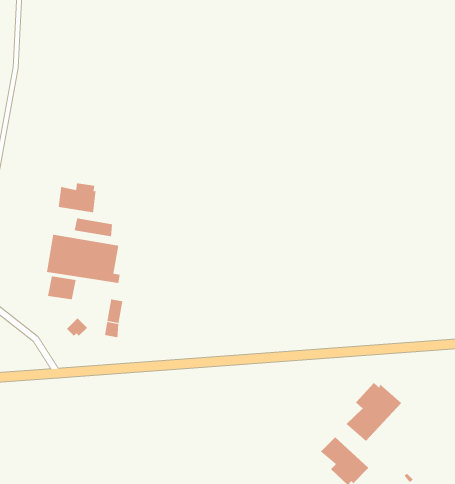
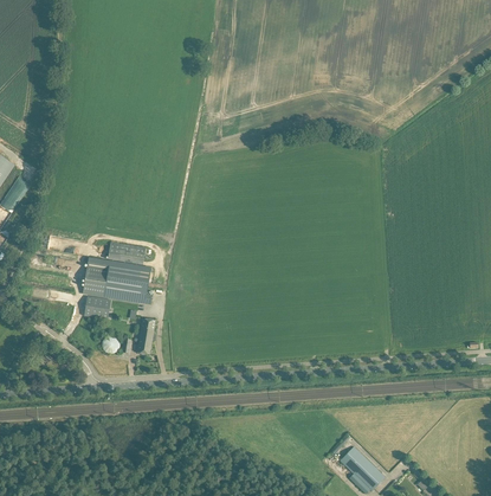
building: [58,182,96,213] -> none
building: [346,382,402,442] -> none

